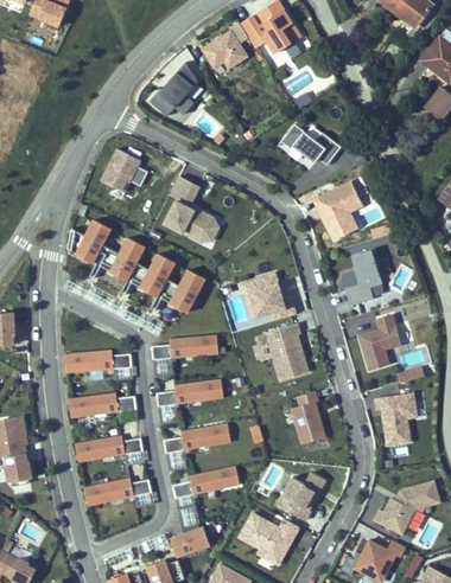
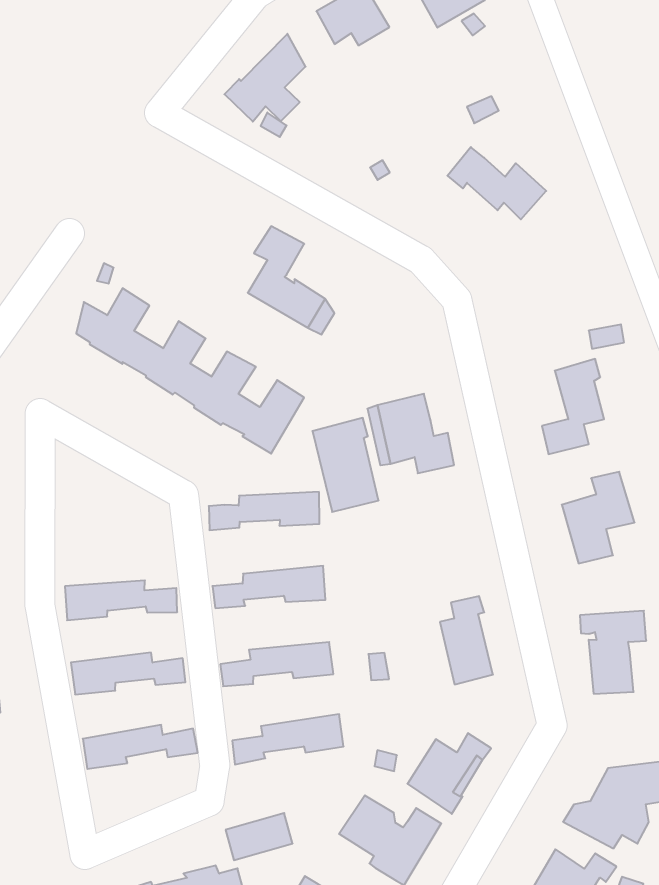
building: [101,149,147,193] -> none
building: [312,180,361,239] -> none
building: [266,322,307,379] -> [312,418,379,512]
building: [62,350,129,372] -> none

